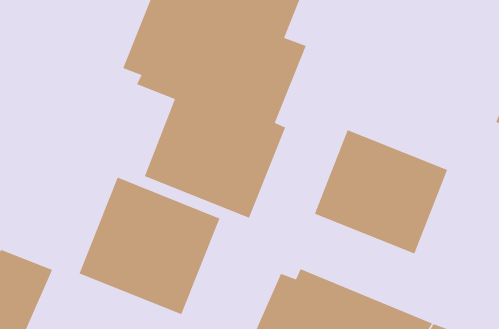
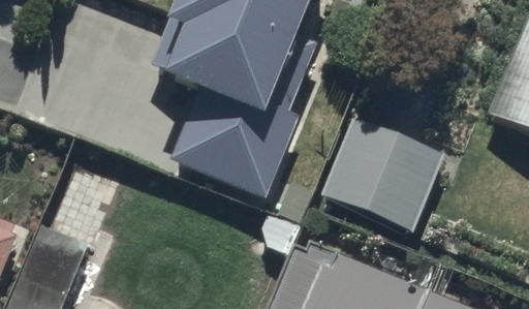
building: [79,177,220,315] -> none

